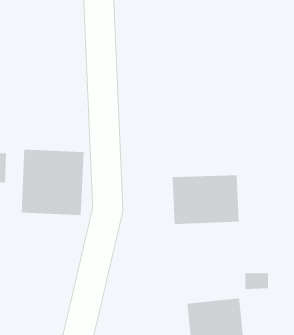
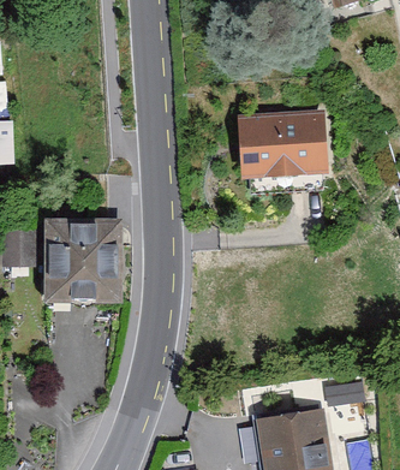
building: [172,175,239,224] -> [238,113,324,177]

